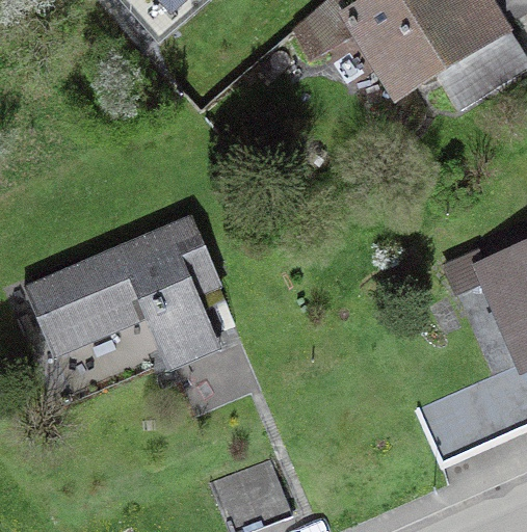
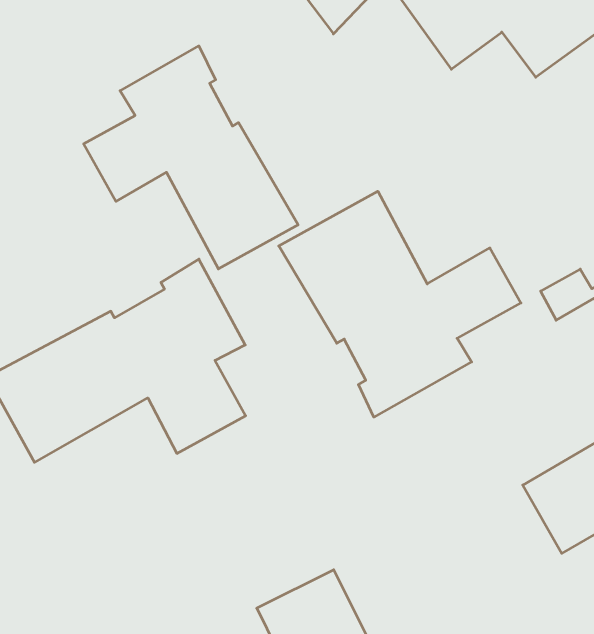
building: none -> [84,46,298,269]
building: none -> [279,191,521,417]

